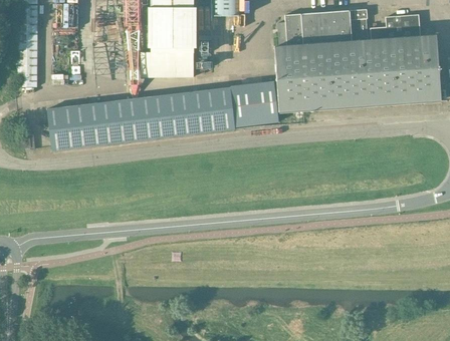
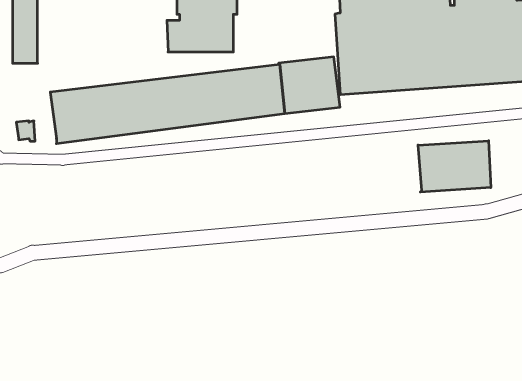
building: none -> [418,141,491,192]

